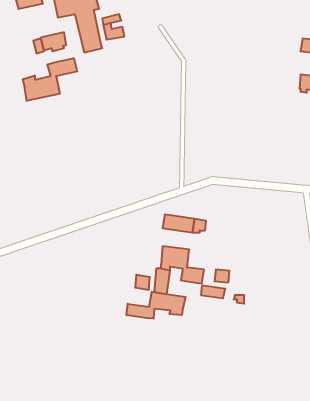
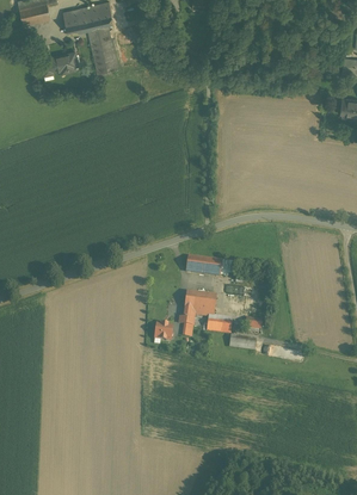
building: [23,58,77,101] -> none
building: [127,292,185,319] -> none

